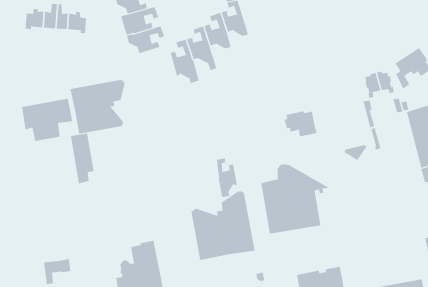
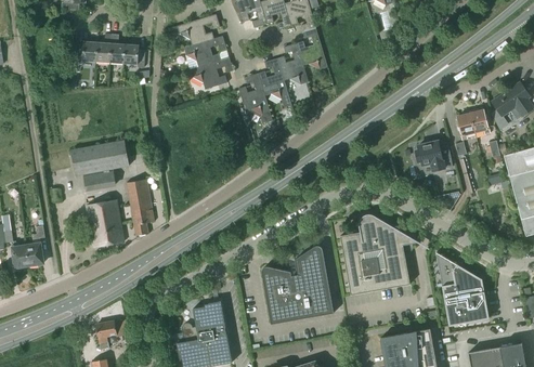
building: [70,79,125,134] -> none
building: [284,111,317,137] -> [415,141,453,170]
building: none -> [87,200,123,246]
building: [216,157,237,198] -> none
building: none -> [435,251,489,325]

